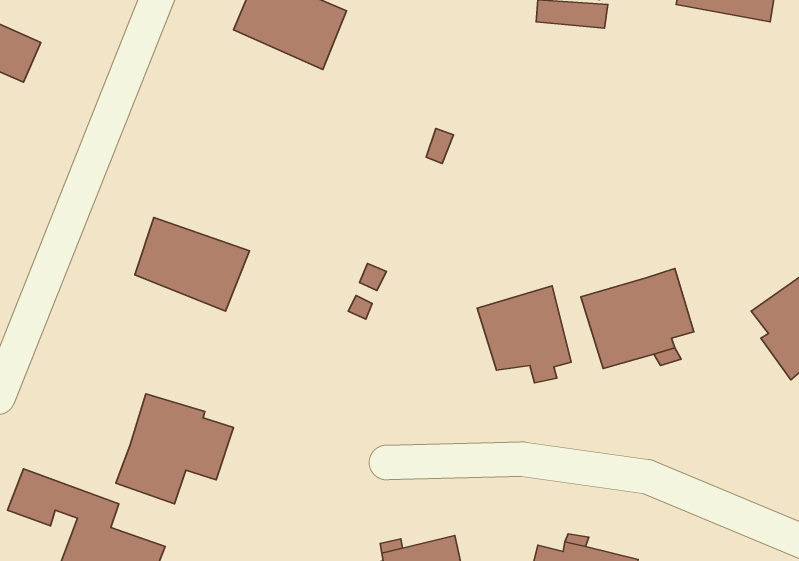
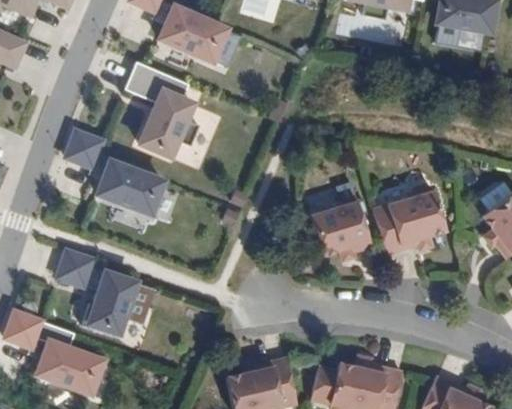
building: none -> [122,62,196,156]
building: none -> [63,129,104,169]
building: none -> [60,251,96,287]

